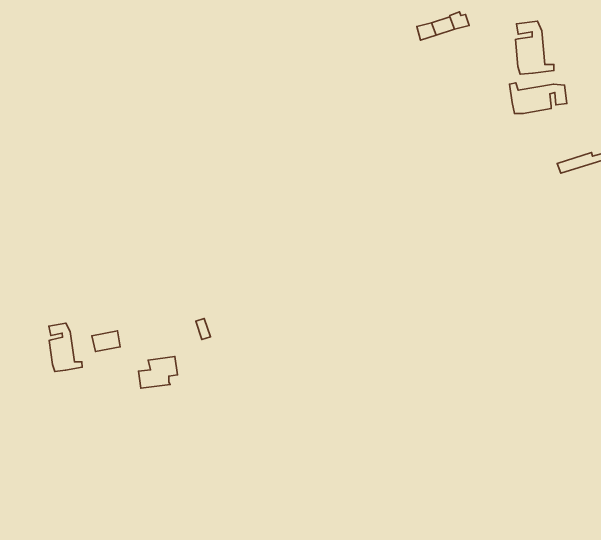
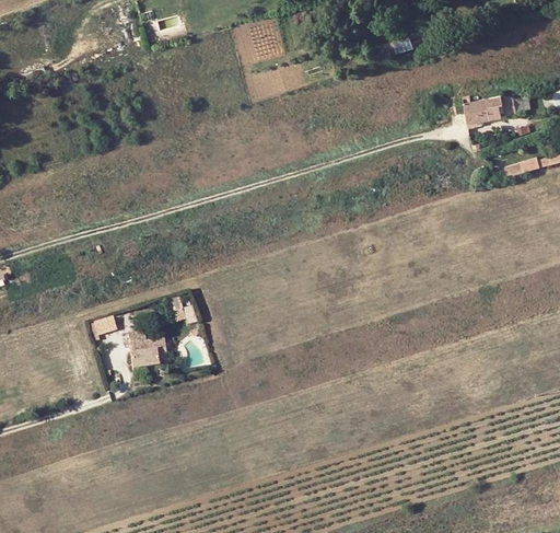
building: [516,21,554,74] -> none
building: [49,323,82,371] -> none

